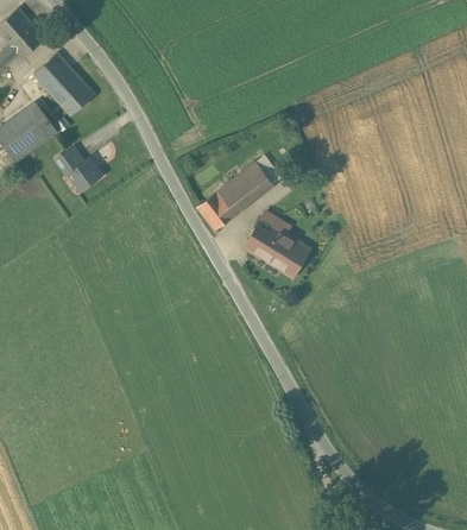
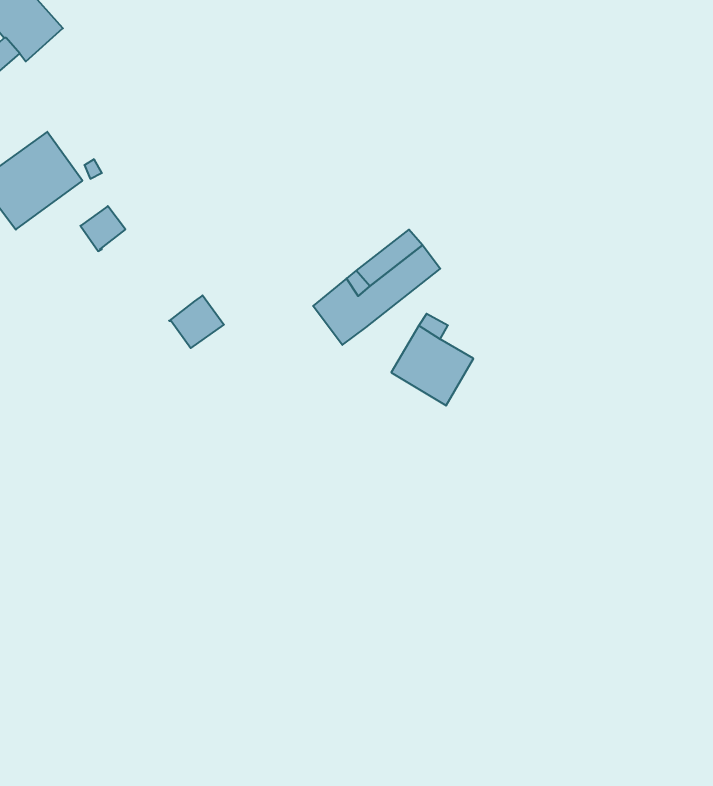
building: [33,52,94,115] -> none
building: [68,157,101,189] -> [169,295,224,348]
building: [278,239,310,277] -> none

